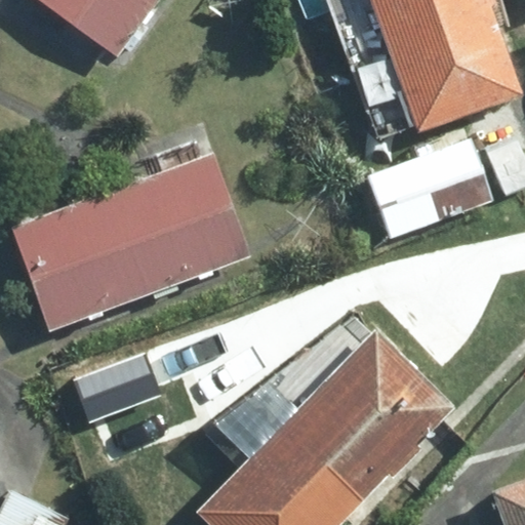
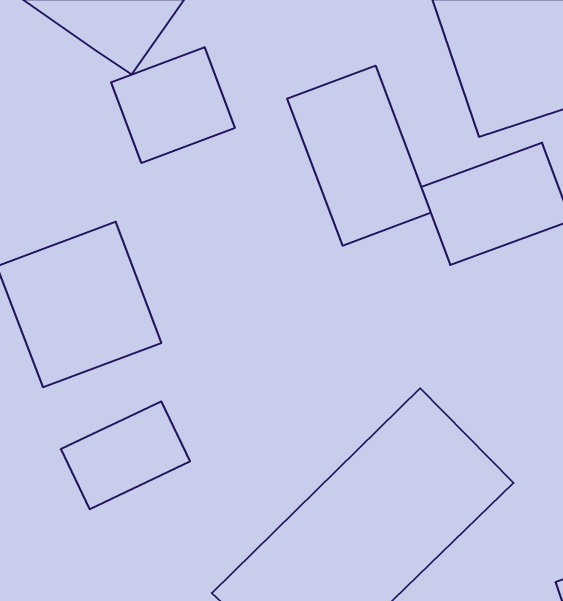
building: none -> [111,47,235,163]
building: none -> [287,66,431,246]
building: [110,152,251,294] -> none

